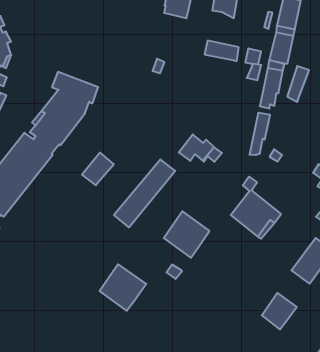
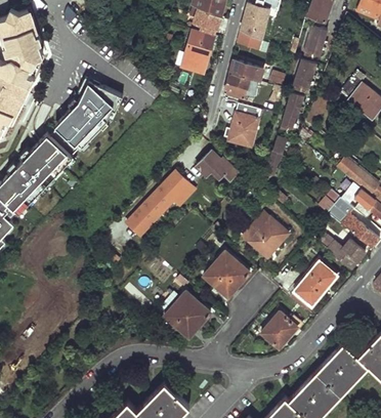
building: none -> [181,31,215,76]
building: none -> [224,74,257,98]
building: none -> [227,106,259,147]
building: [82,153,114,185] -> none
building: [164,211,209,258] -> [204,251,249,297]
building: [100,264,146,311] -> [165,291,211,337]

